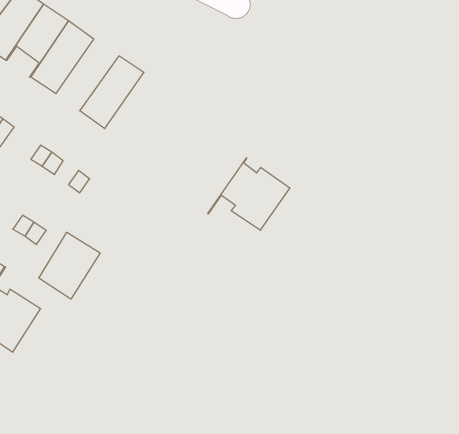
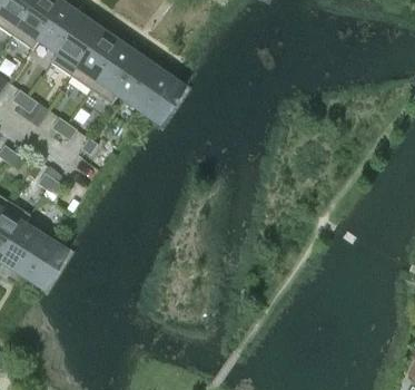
building: none -> [72,33,122,90]
building: [208,158,290,230] -> [111,60,177,118]
building: [39,232,100,299] -> none

